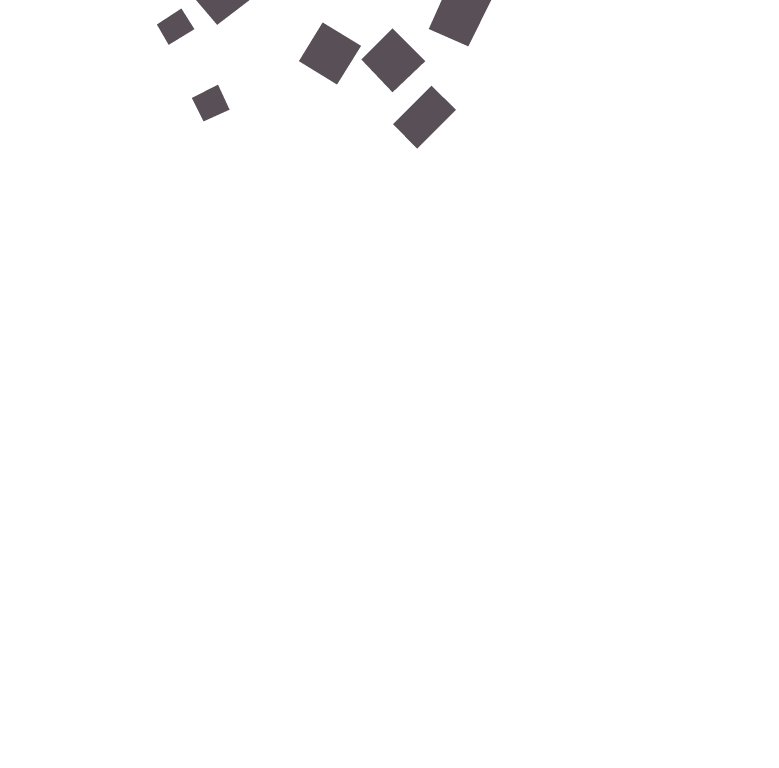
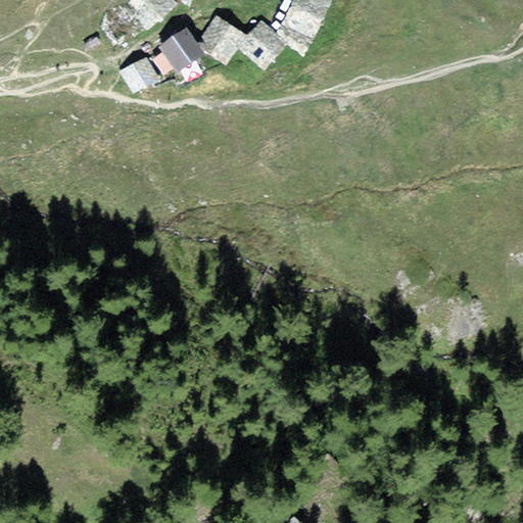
building: none -> [162,27,201,66]
building: [392,85,457,149] -> none

